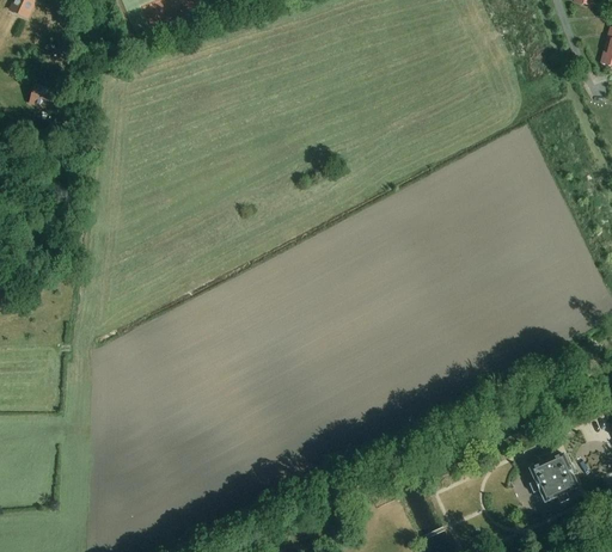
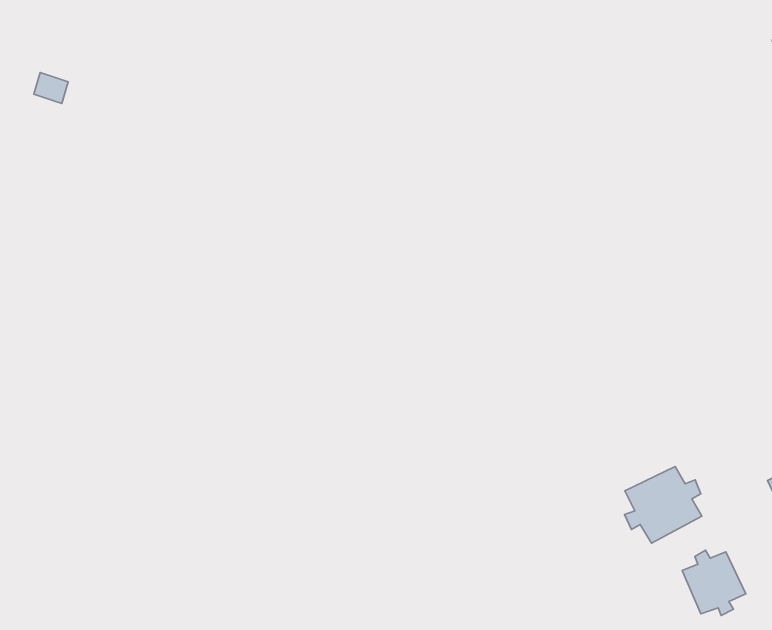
building: none -> [625,467,702,543]

